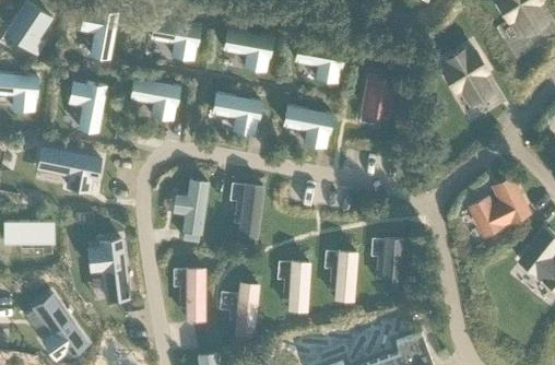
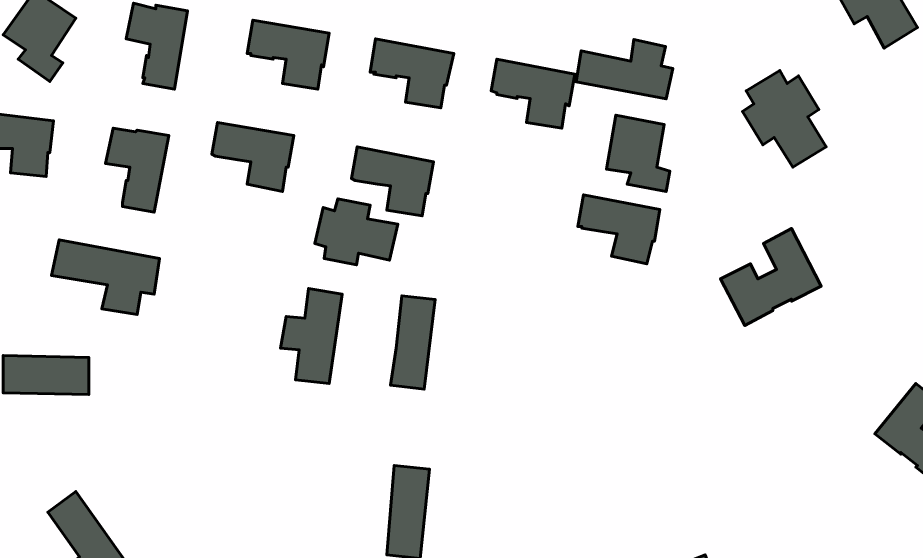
building: none -> [576,40,673,99]
building: [283,108,331,149] -> [578,195,660,264]
building: none -> [315,199,398,265]
building: [469,180,528,237] -> [721,228,821,325]
building: [379,238,402,292] -> none
building: [86,240,127,303] -> none
building: [332,250,355,304] -> none
building: [285,260,309,314] -> none
building: [182,267,203,320] -> none

